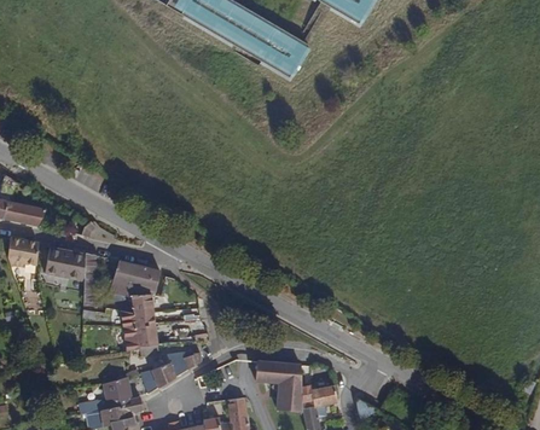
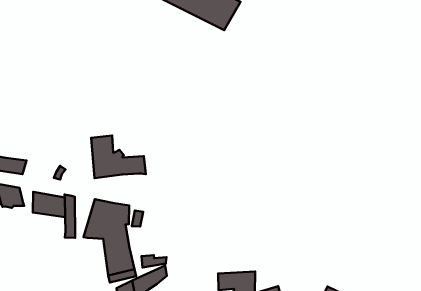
building: none -> [91,136,146,178]

